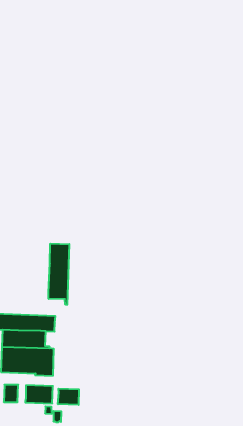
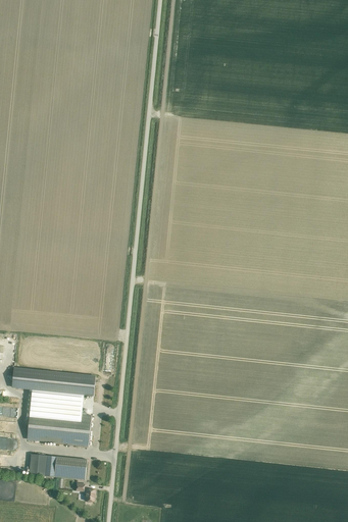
building: [48,244,69,305] -> none
building: [58,389,79,405] -> none

